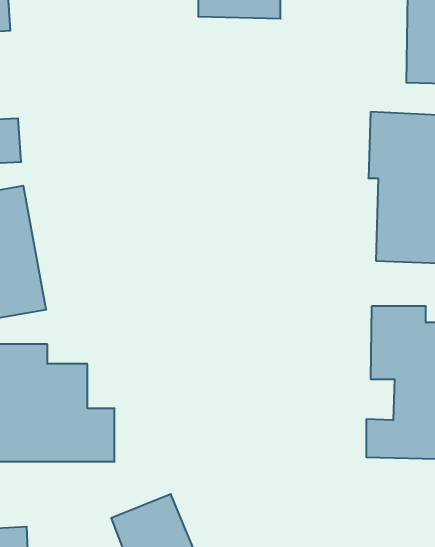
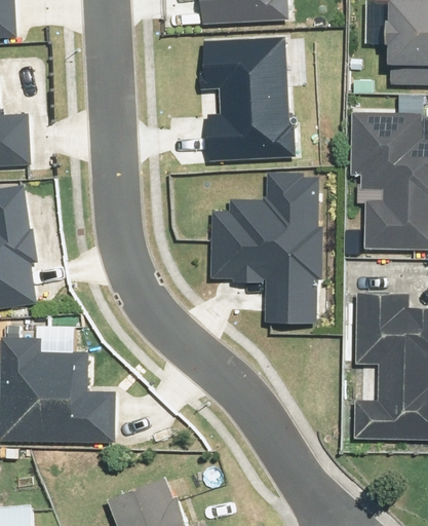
building: none -> [199,36,283,153]
building: none -> [209,171,321,318]

